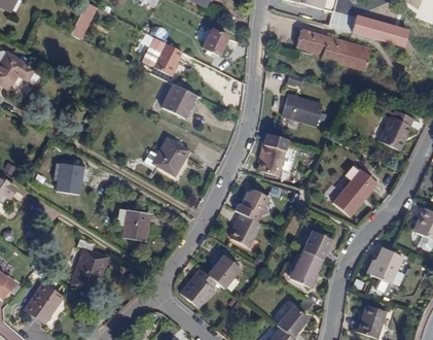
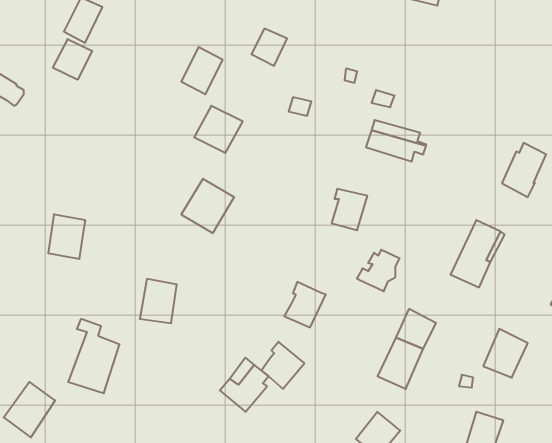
building: [354,15,408,44] -> none
building: [297,29,371,70] -> none
building: none -> [53,39,92,80]
building: [232,190,263,219] -> [357,250,400,291]

